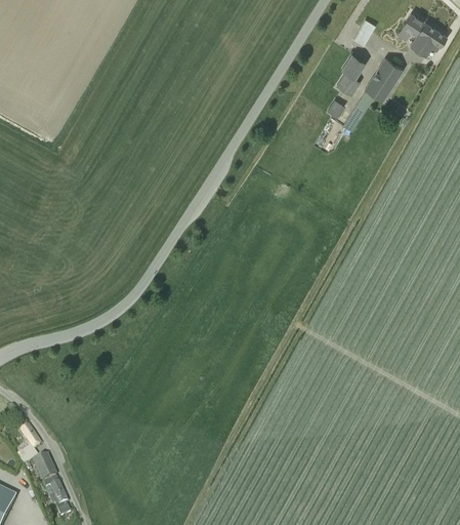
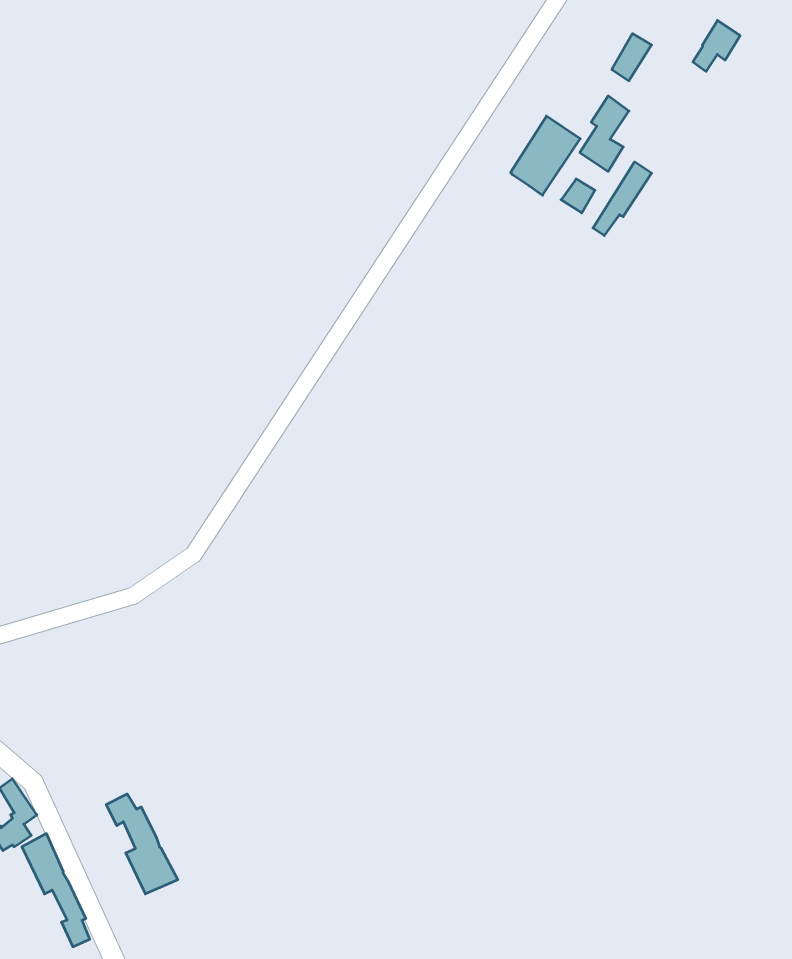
building: [410,22,447,55] -> none
building: [365,57,403,100] -> [511,116,580,195]
building: none -> [106,794,178,894]

